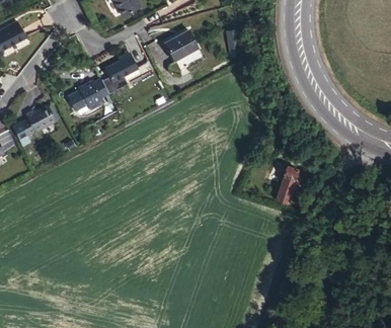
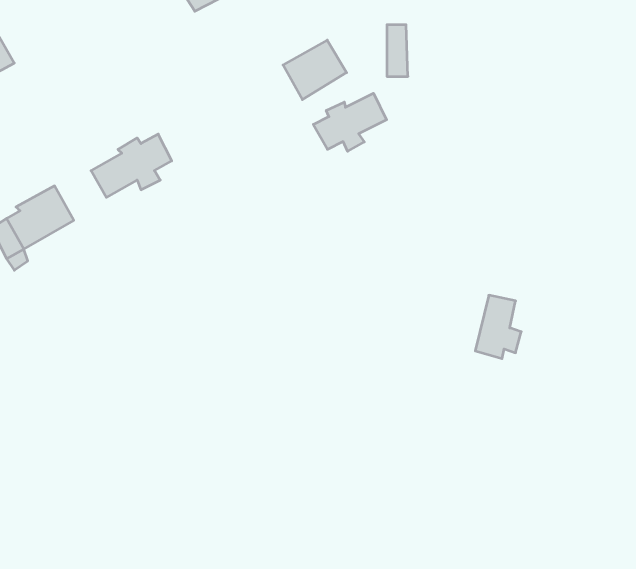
building: [103,52,139,94] -> none
building: none -> [313,93,387,151]

